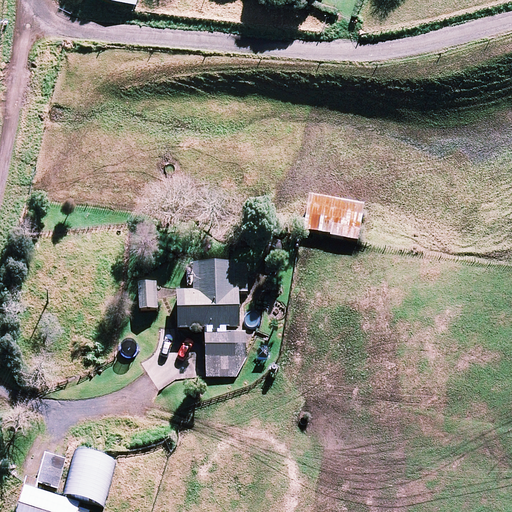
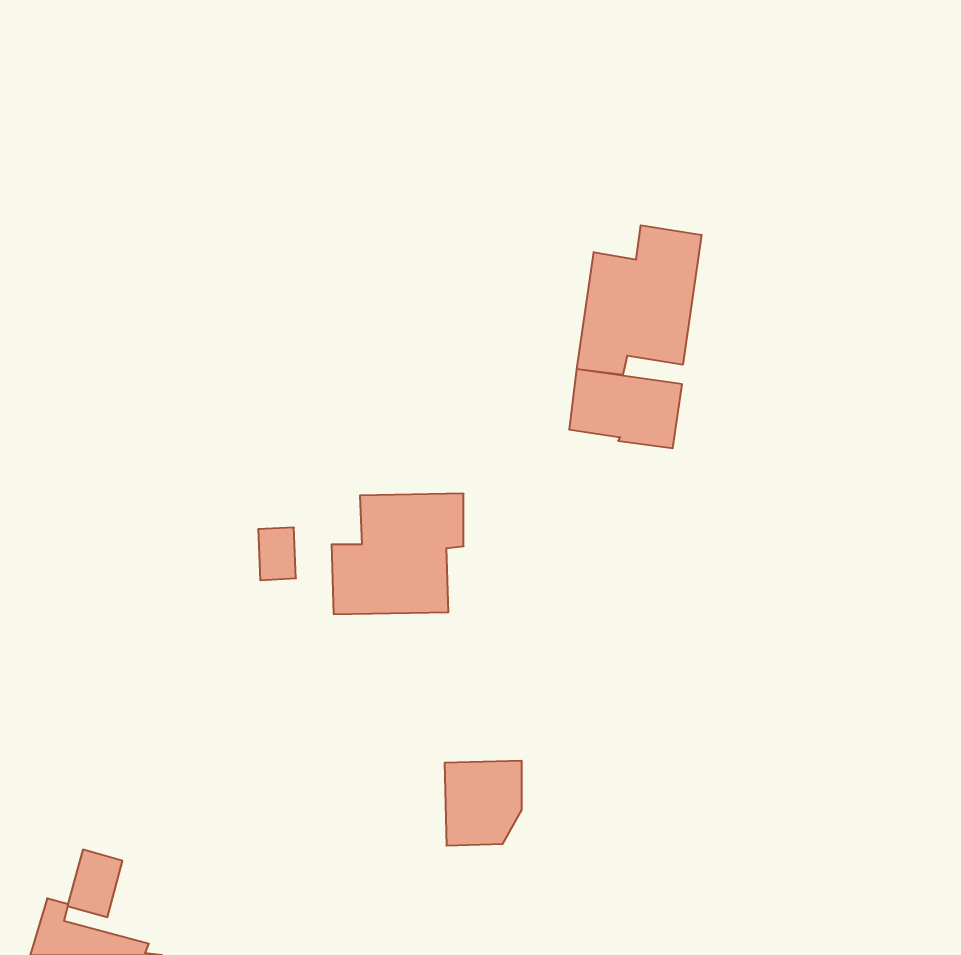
building: none -> [577,225,701,375]
building: [205,329,246,374] -> [445,761,522,846]
building: [63,448,116,503] -> none

